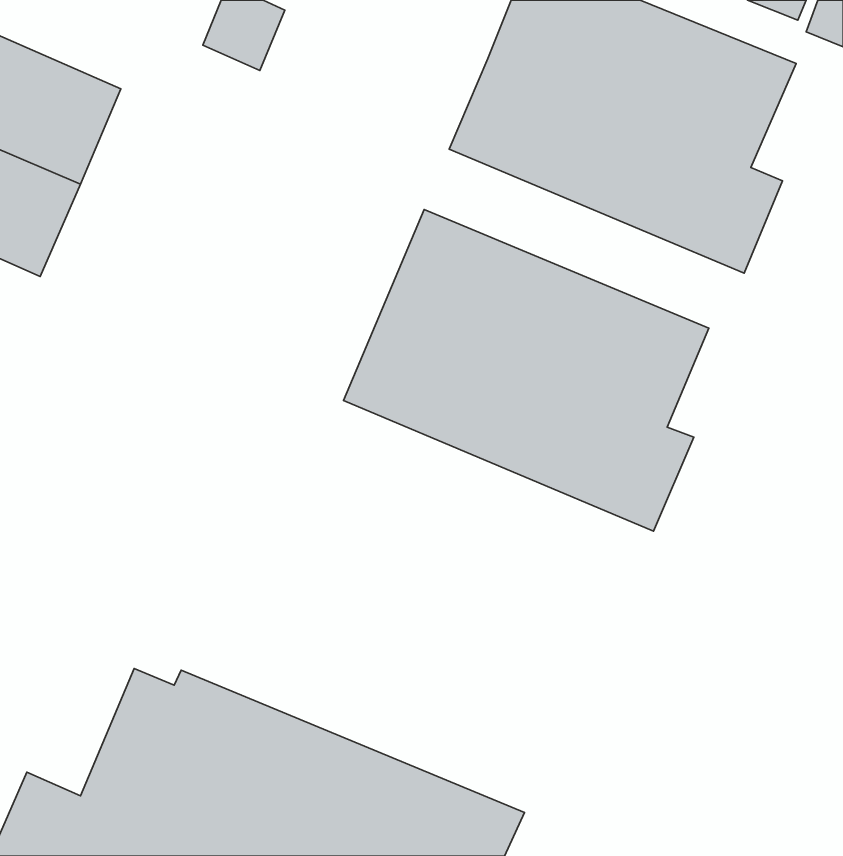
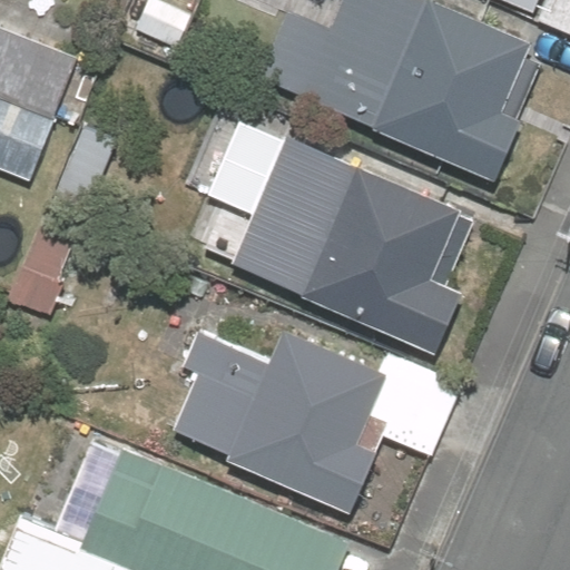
building: none -> [174,331,389,513]

